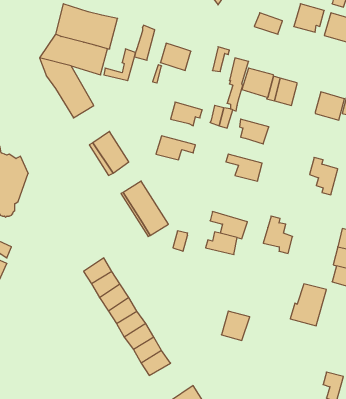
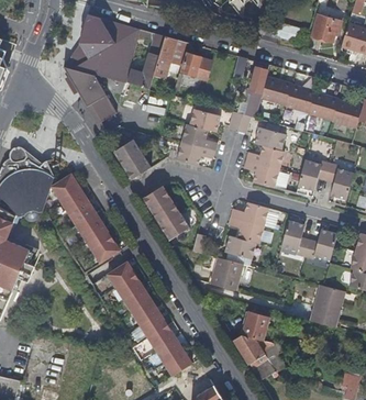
building: none -> [309,91,337,119]
building: none -> [182,124,218,151]
building: none -> [247,144,286,168]
building: none -> [299,160,331,188]
building: none -> [51,173,119,262]
building: none -> [232,201,270,225]
building: none -> [306,231,337,259]
building: none -> [209,257,242,290]
building: none -> [232,335,277,381]

